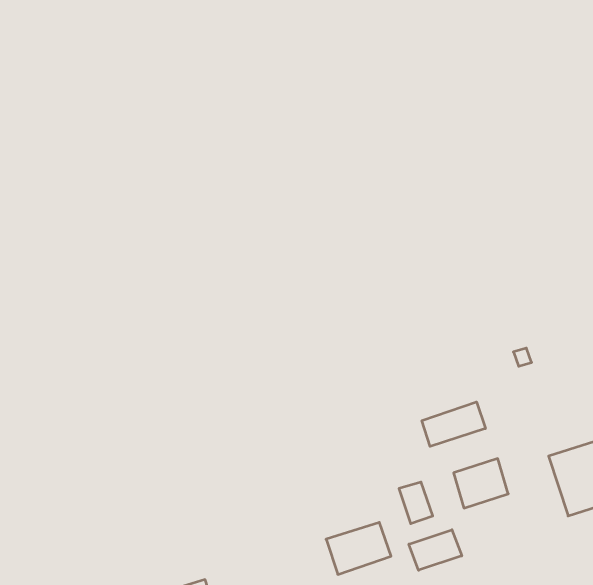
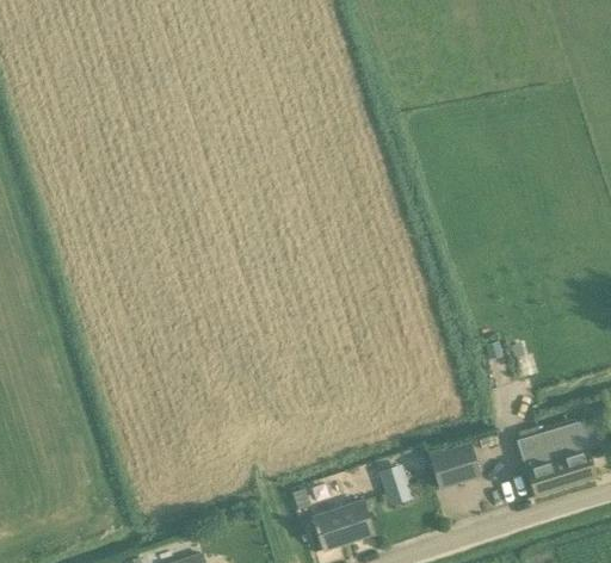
building: [422,402,485,446] -> none
building: [409,530,462,570] -> none

